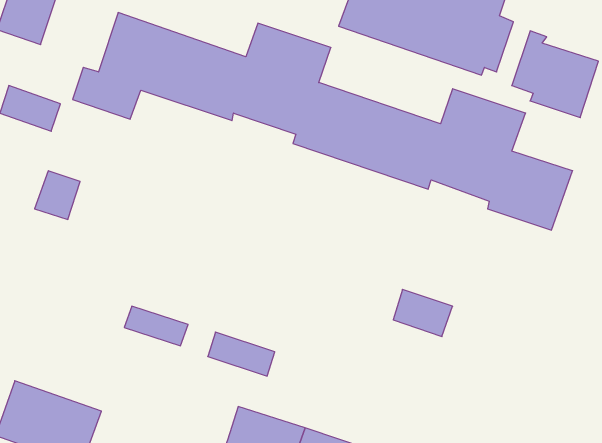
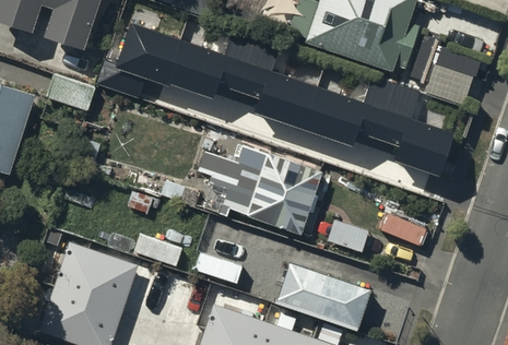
building: none -> [221,143,324,230]
building: none -> [56,246,133,309]
building: none -> [280,265,366,325]

